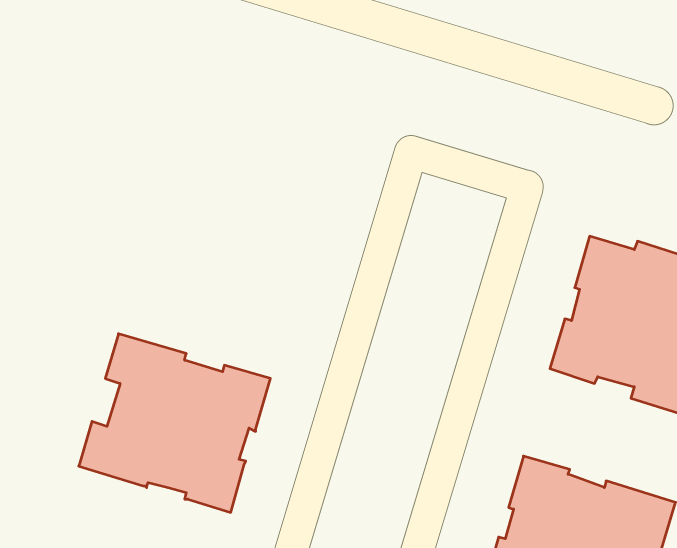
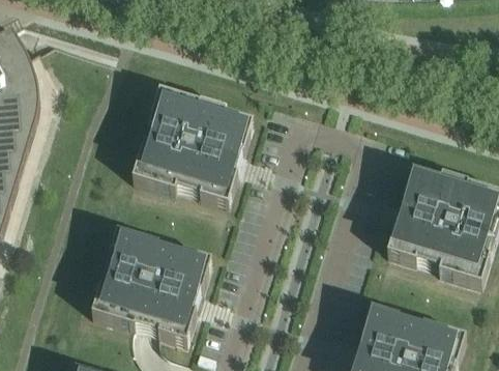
building: none -> [130,85,252,200]

